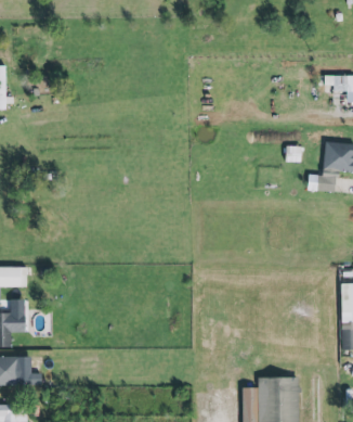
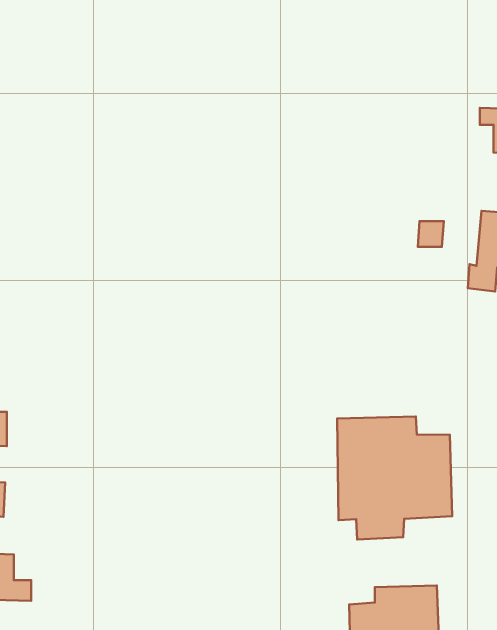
building: none -> [337,416,452,539]

